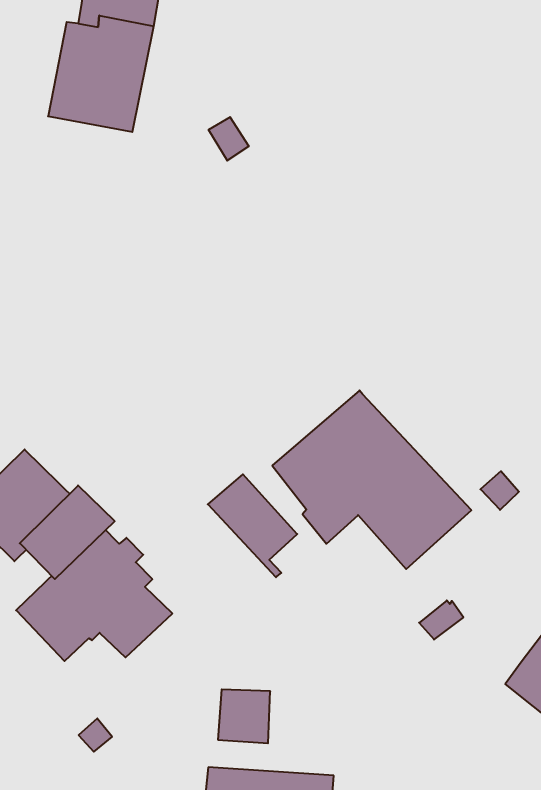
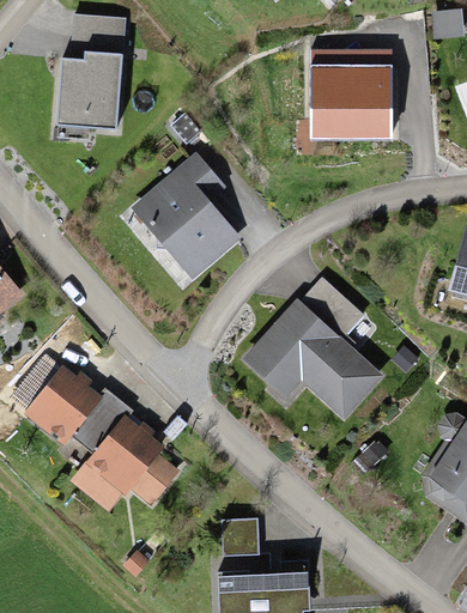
building: none -> [310,48,392,140]
building: none -> [129,150,242,279]
building: [208,474,297,577] -> [299,275,365,346]

